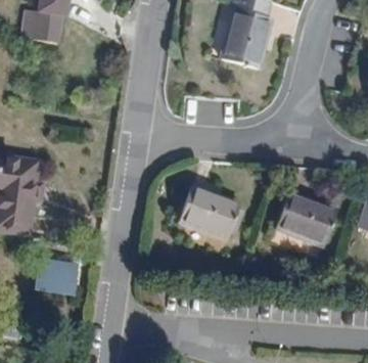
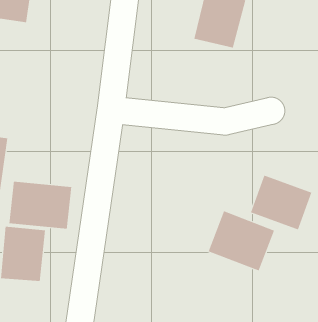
building: [179,183,244,242] -> [208,211,275,271]
building: none -> [9,181,72,230]

